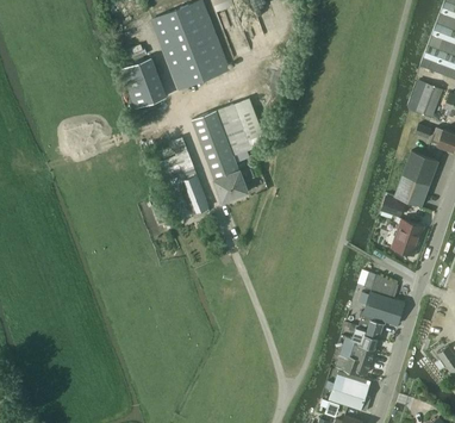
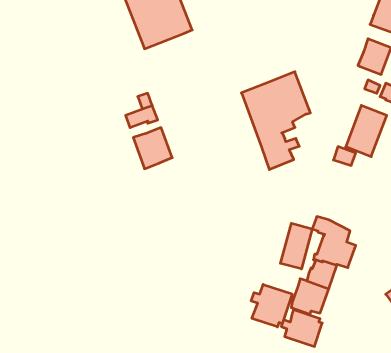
building: [123,66,167,110] -> none
building: [193,98,267,203] -> [241,72,310,170]
building: [392,219,424,257] -> none
building: none -> [280,223,312,269]
building: none -> [251,284,292,327]

